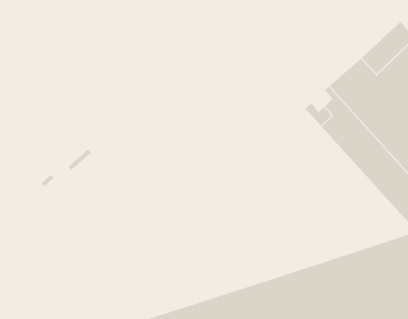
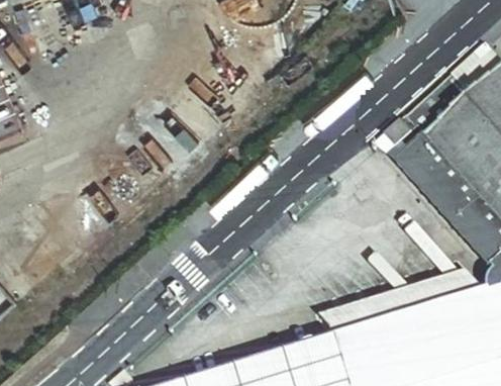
building: none -> [327,271,488,340]

